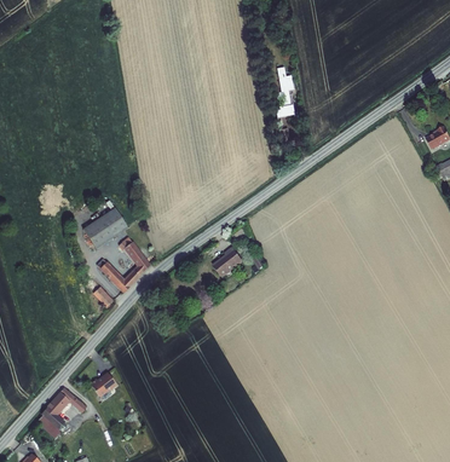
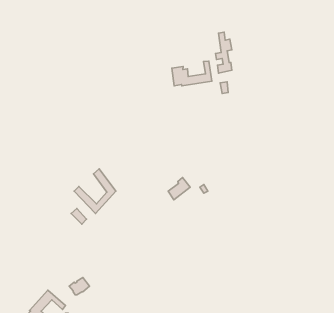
building: none -> [172,61,212,86]
building: [83,208,127,248] -> none

